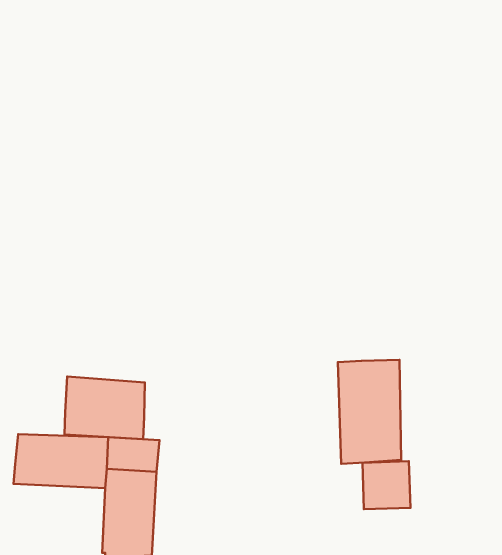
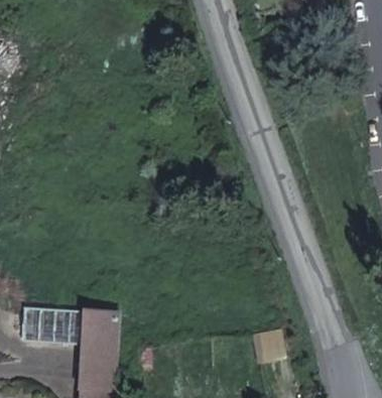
building: [338,360,401,464] -> none
building: [64,376,145,439] -> none

